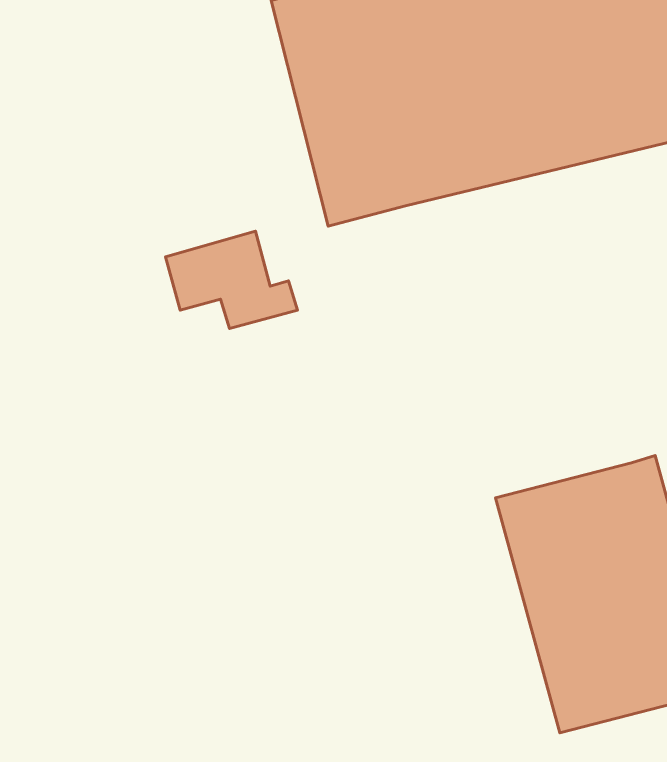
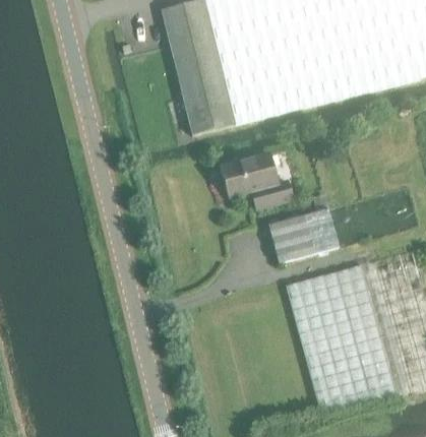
building: [165,231,298,328] -> [222,154,295,208]
building: none -> [269,209,340,263]

